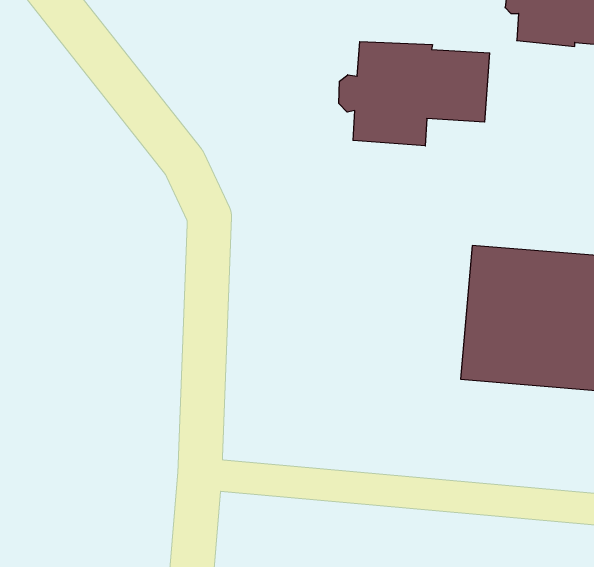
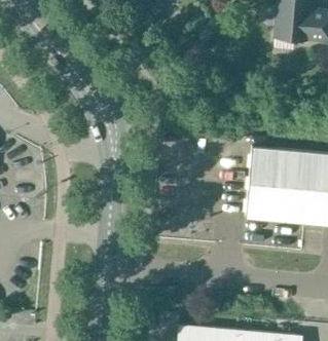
building: [339,42,490,146] -> none

